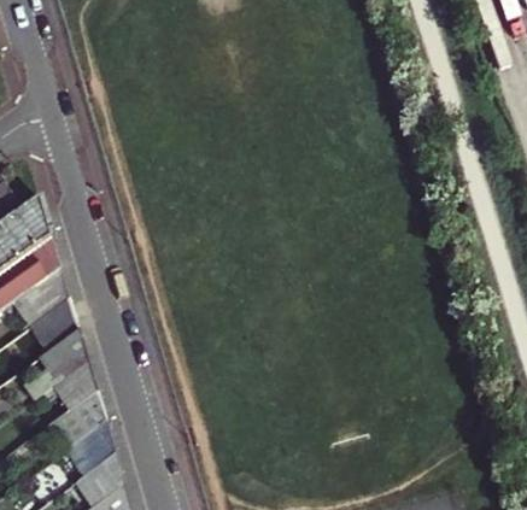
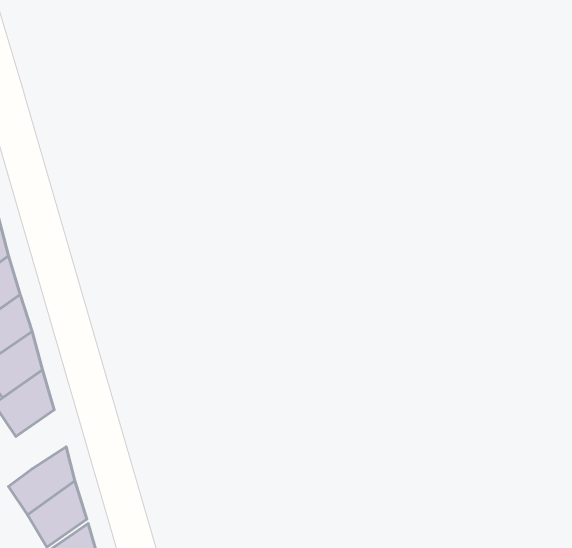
building: [51,362,95,410] -> none

